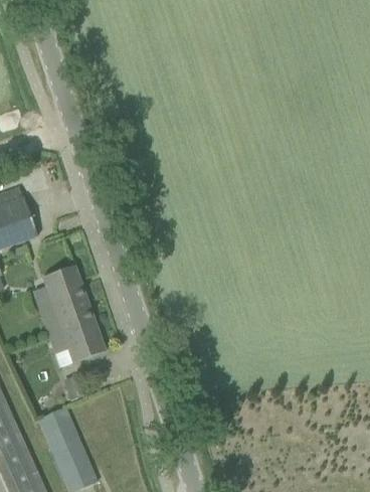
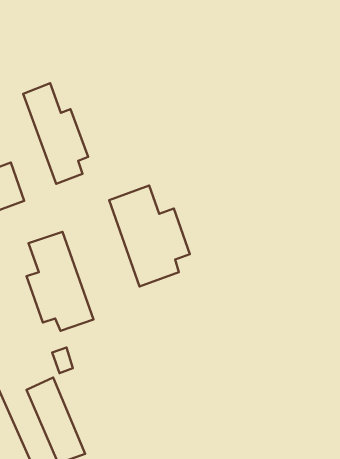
building: none -> [23,83,88,184]
building: none -> [109,185,190,286]

